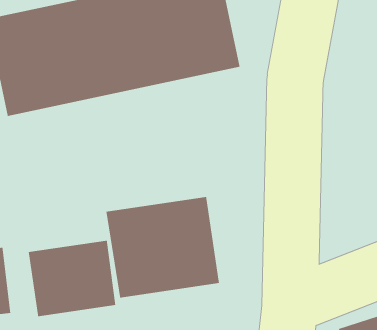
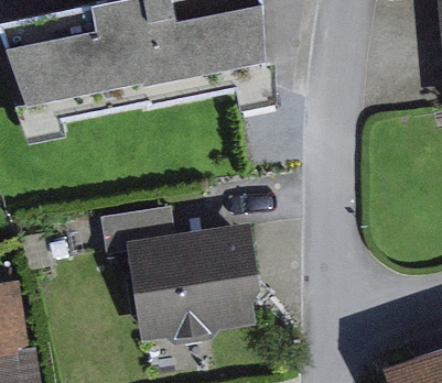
building: [28,240,116,317] -> none

